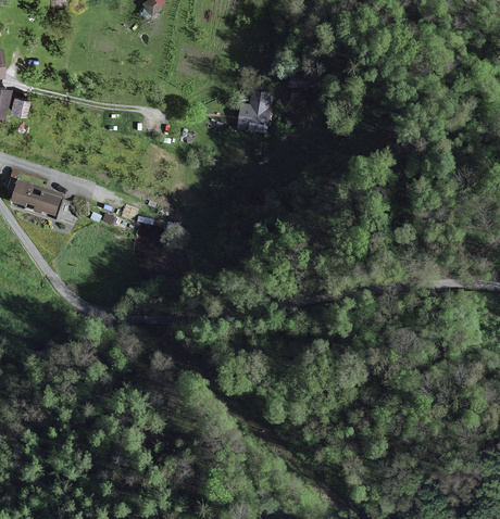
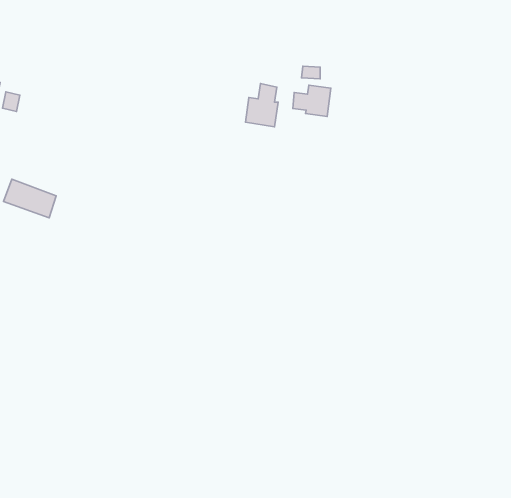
building: none -> [293,85,331,117]

